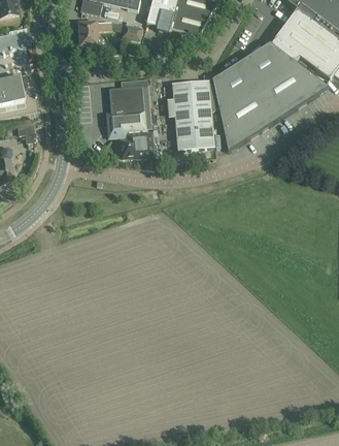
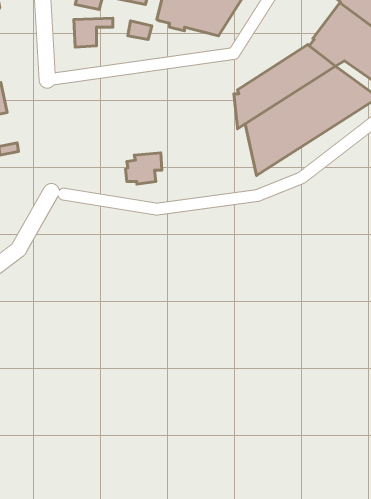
building: [167,81,215,151] -> none
building: [108,86,152,135] -> none

